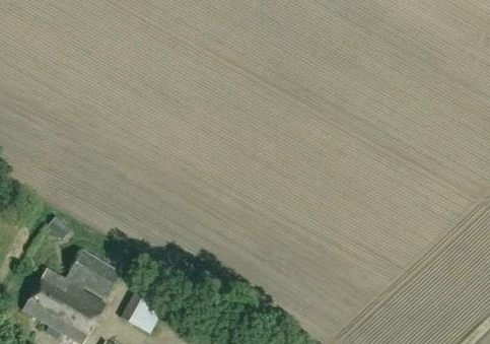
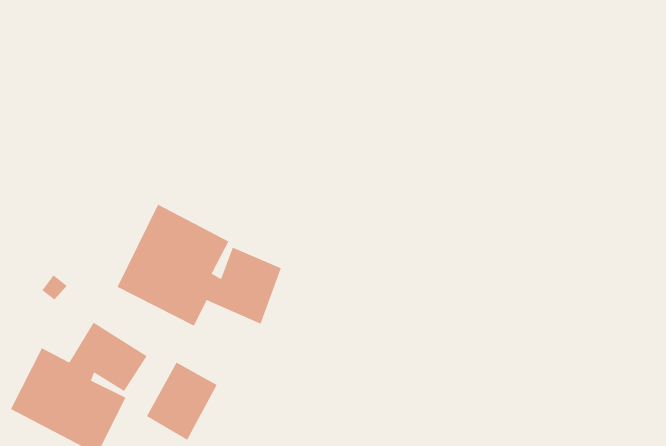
building: none -> [117,204,282,327]

